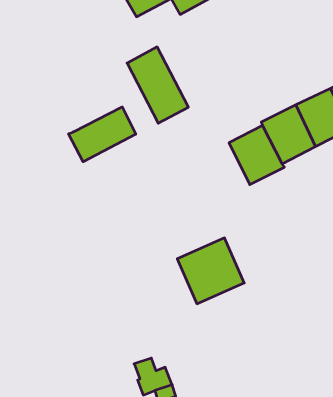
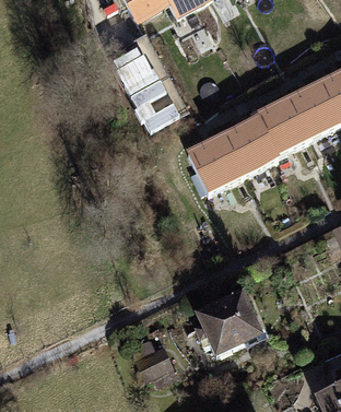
building: [69,107,136,162] -> none
building: none -> [190,136,244,192]
building: [177,238,244,304] -> [197,292,260,354]

